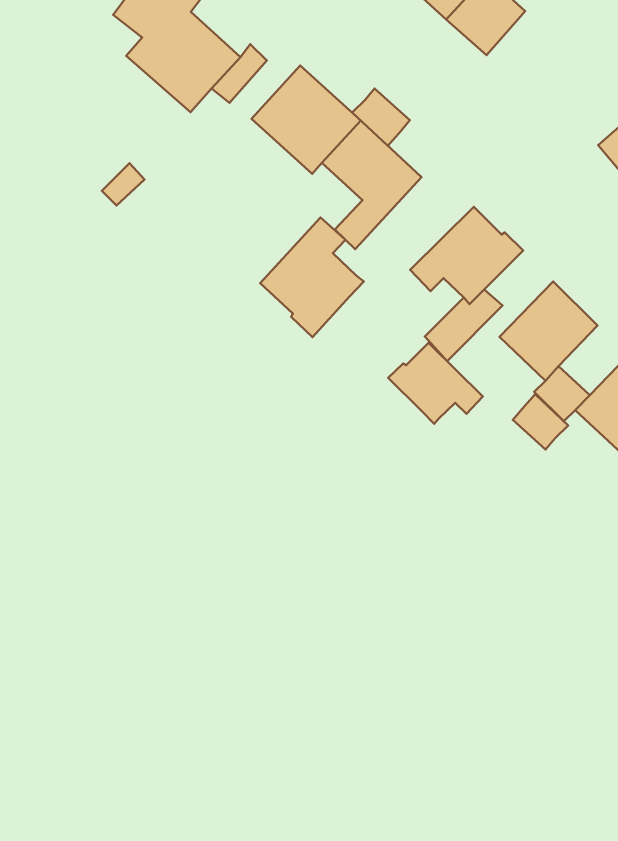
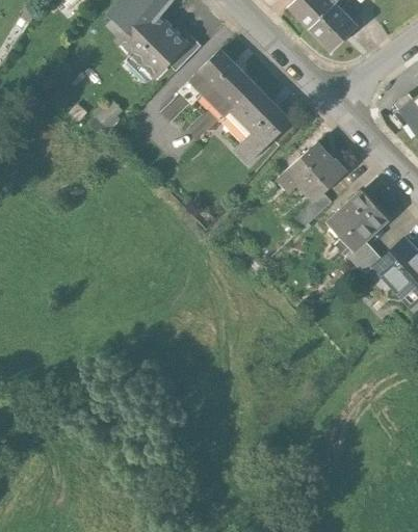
building: [352,88,410,146] -> none
building: [260,217,364,337] -> none
building: [388,343,483,424] -> none
building: [513,394,568,449] -> none

